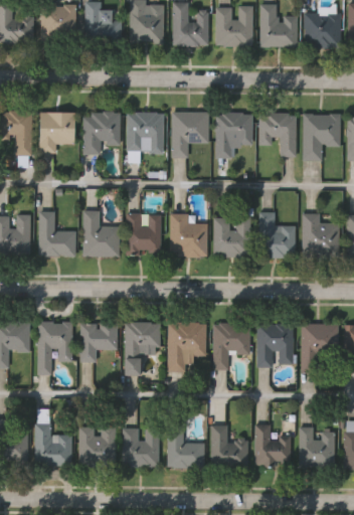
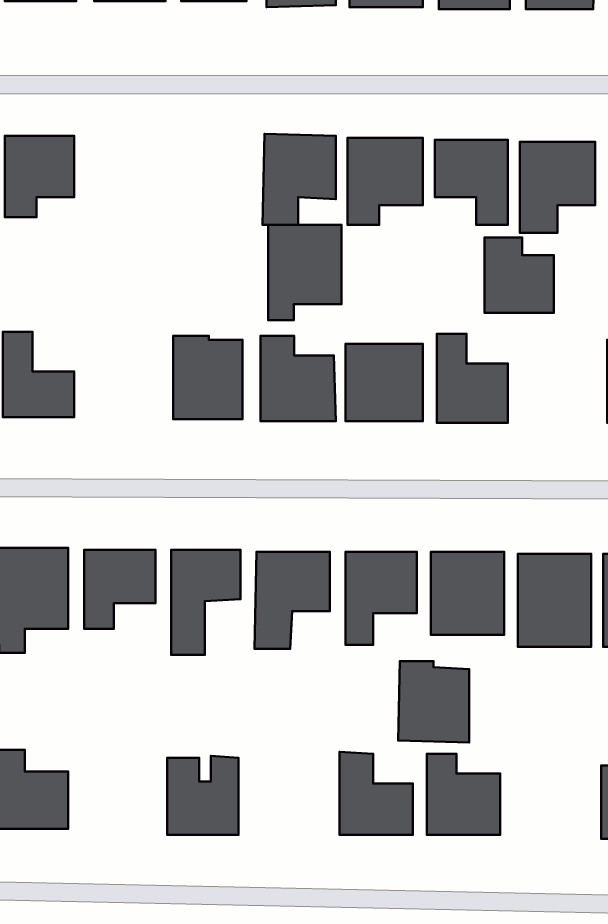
building: [83,112,120,155] -> none
building: [127,113,164,161] -> [268,225,341,320]
building: [83,211,120,255] -> none
building: [302,213,337,251] -> [484,237,554,313]
building: [78,426,116,467] -> none
building: [167,427,203,468] -> none
building: [298,427,334,469] -> [398,661,469,742]

